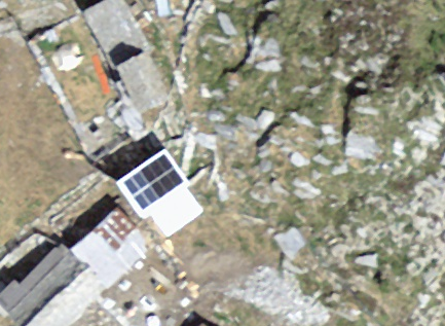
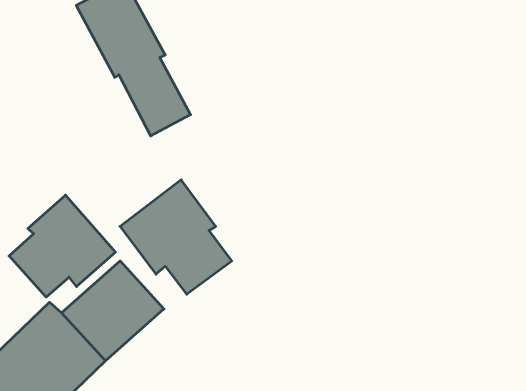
building: none -> [9,195,115,297]

